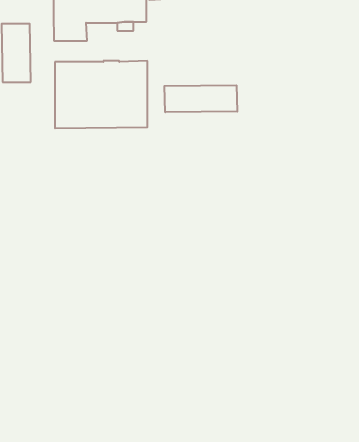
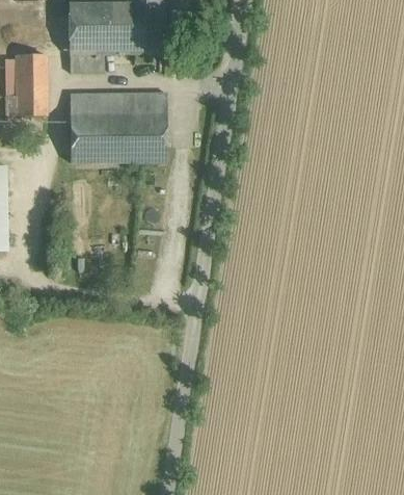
building: [164,85,237,112] -> none

